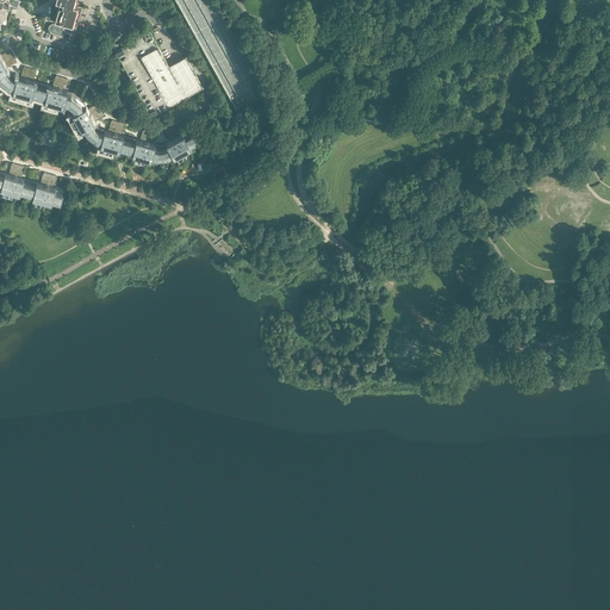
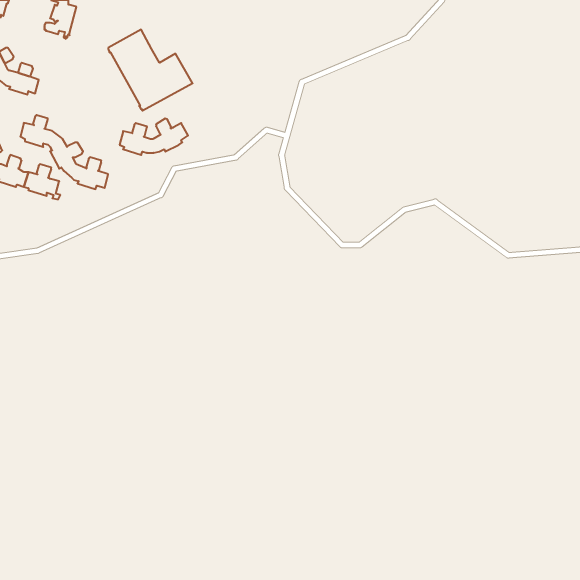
building: [37,77,129,155] -> [20,115,108,189]

